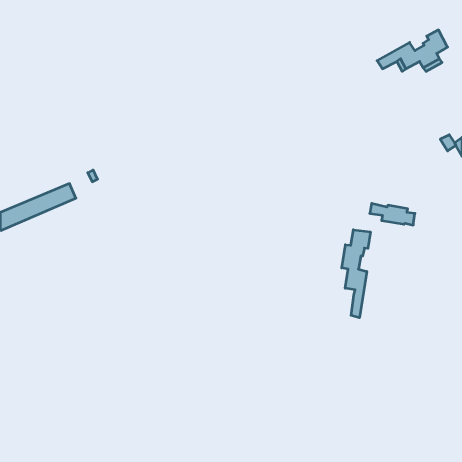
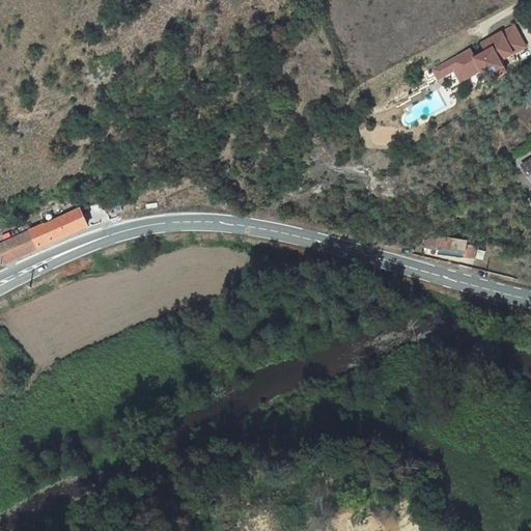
building: none -> [481,25,526,54]
building: [342,230,370,318] -> none

